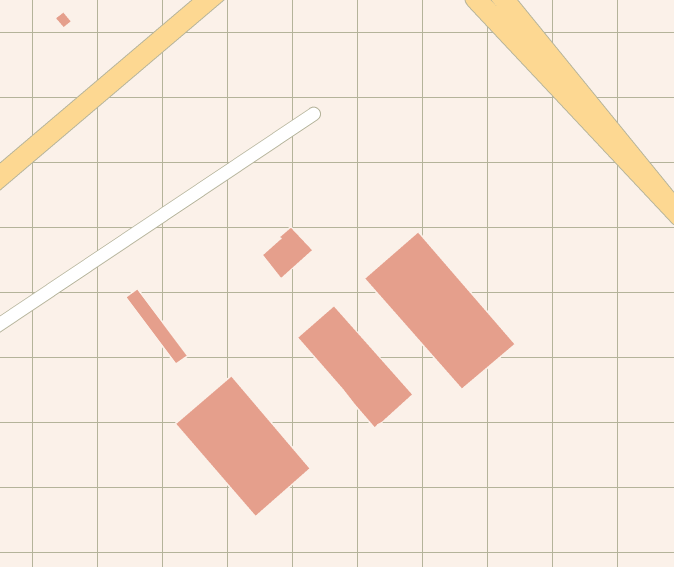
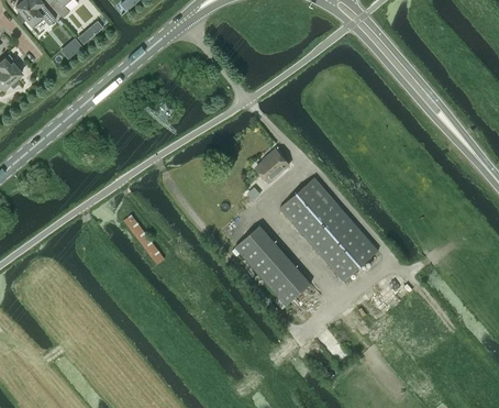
building: [262,227,313,279] -> [256,148,289,183]
building: [175,375,310,517] -> none

